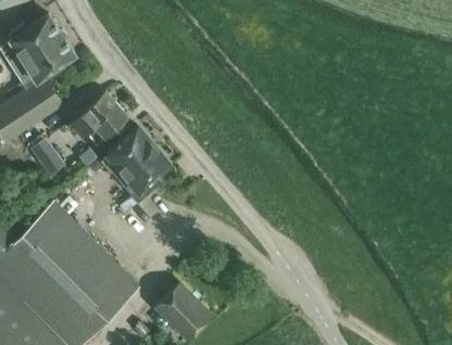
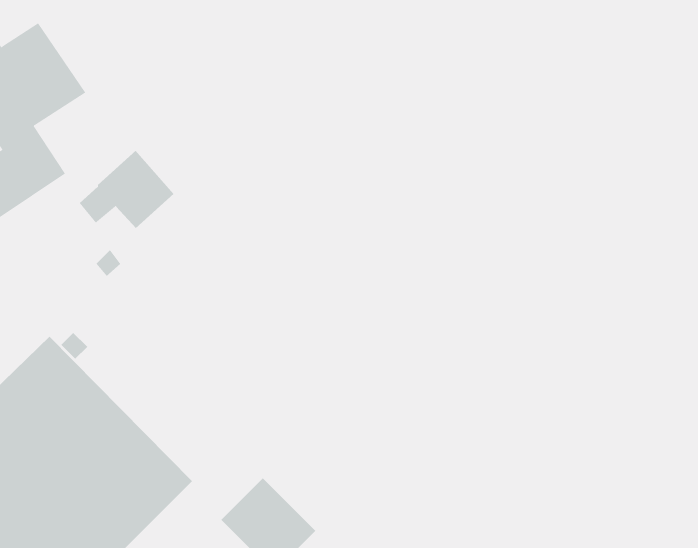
building: [101,127,172,204] -> none
building: [30,138,65,176] -> none

